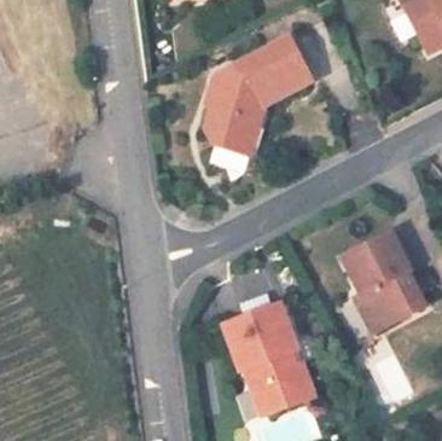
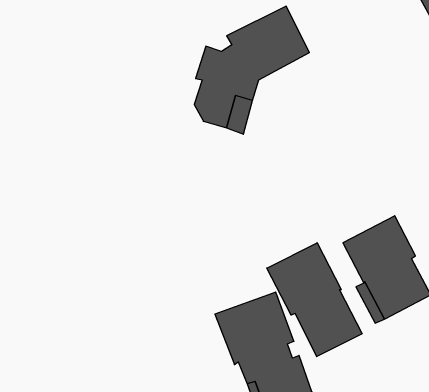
building: none -> [267,243,362,357]

